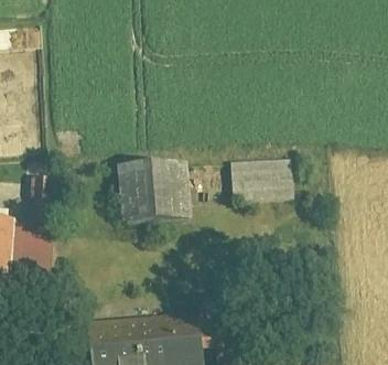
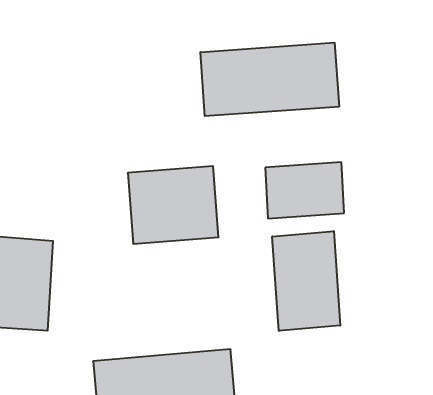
building: none -> [200,43,339,116]
building: none -> [272,231,340,331]

